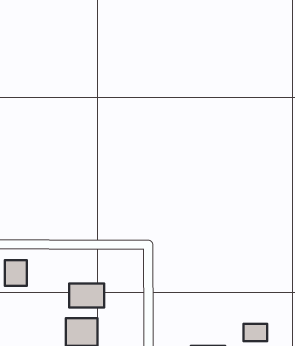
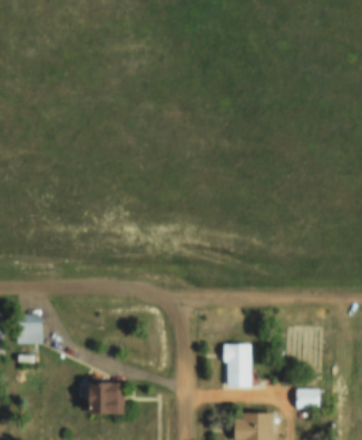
building: [69,283,104,307] -> none
building: none -> [224,343,252,389]

